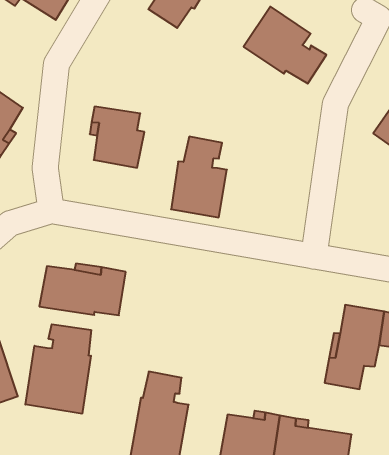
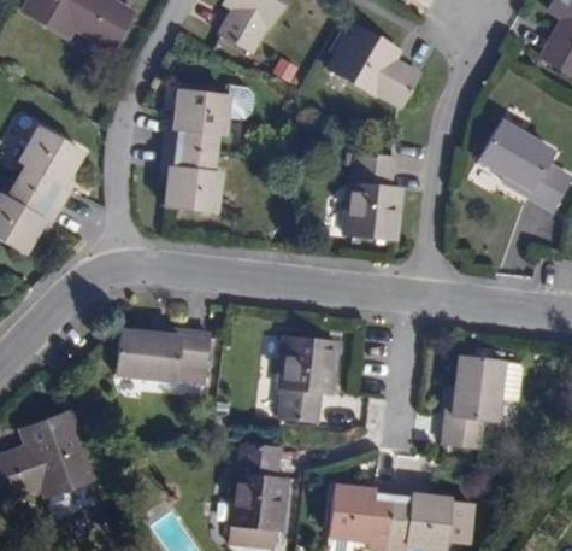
building: none -> [164,89,230,152]
building: [171,137,227,217] -> [342,152,402,241]
building: none -> [278,334,338,423]
building: [25,324,91,414] -> none

